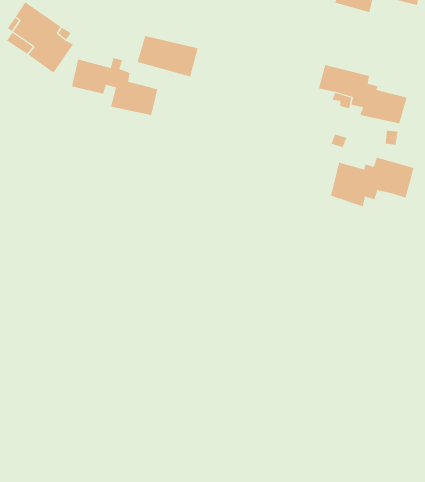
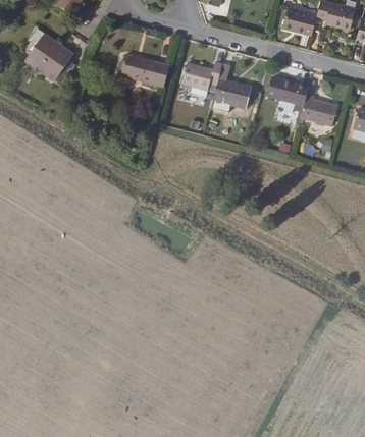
building: [71,58,158,116] -> [182,60,253,107]
building: [330,157,414,207] -> none

